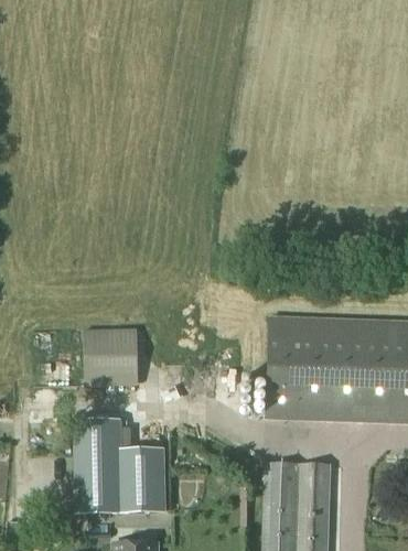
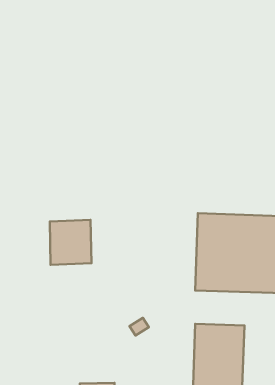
building: [78,419,167,512] -> none

